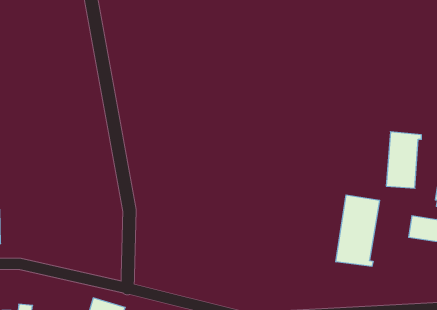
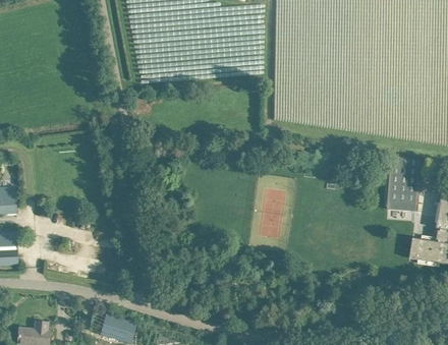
building: [336,195,380,266] -> none

